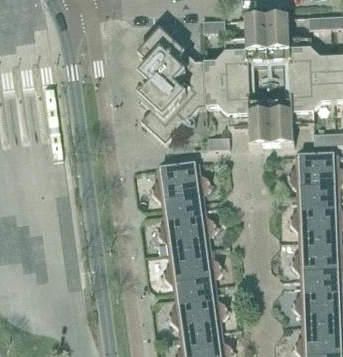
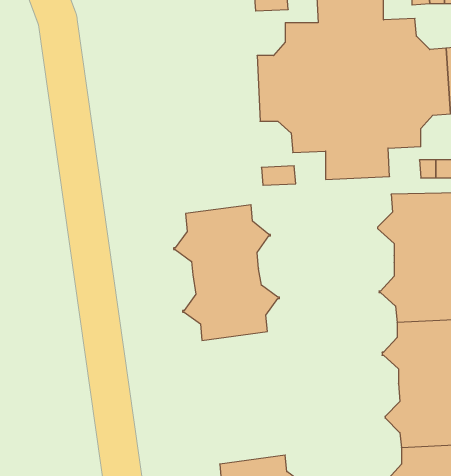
building: [139,29,207,142] -> none
building: [161,246,231,335] -> none

